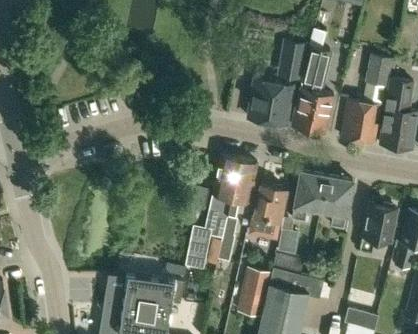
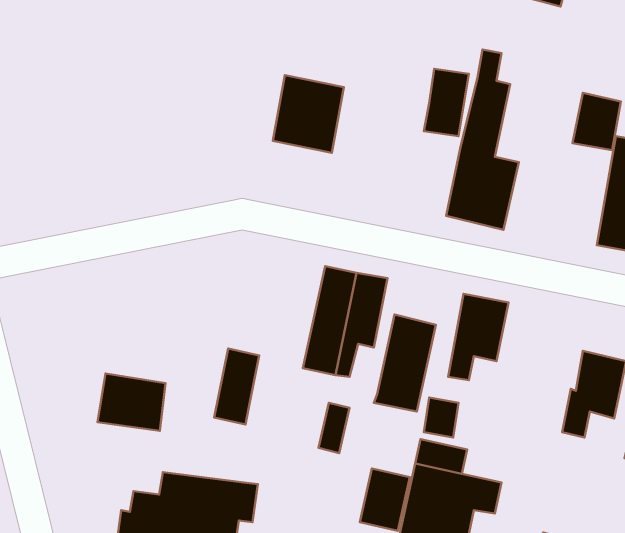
building: [249,79,290,124] -> [273,75,344,153]
building: [341,99,380,141] -> none
building: [320,175,353,228] -> none
building: none -> [97,373,165,431]
building: [185,226,211,270] -> [214,348,259,425]

